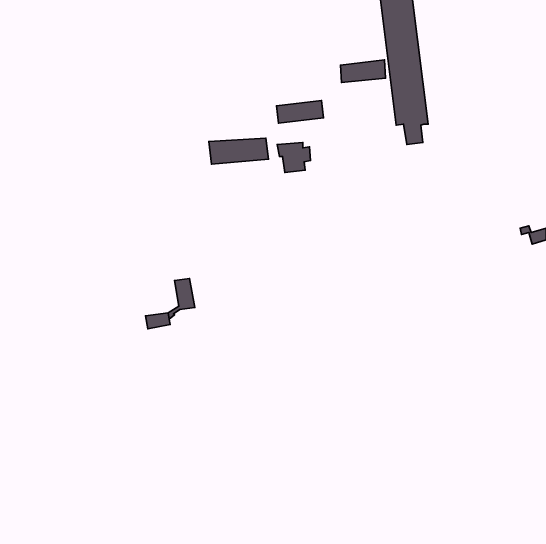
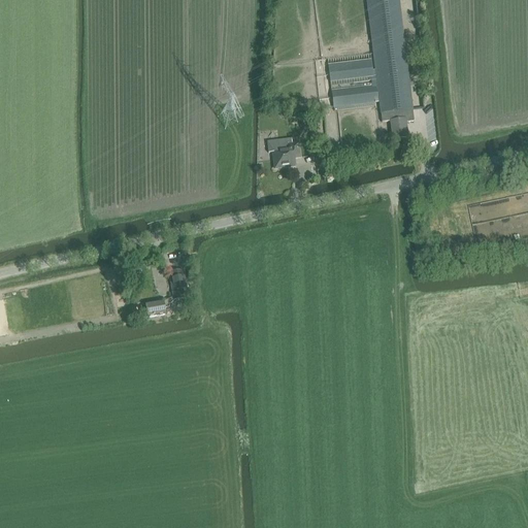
building: [276,101,323,123] -> [331,84,376,105]
building: [209,138,269,164] -> none

